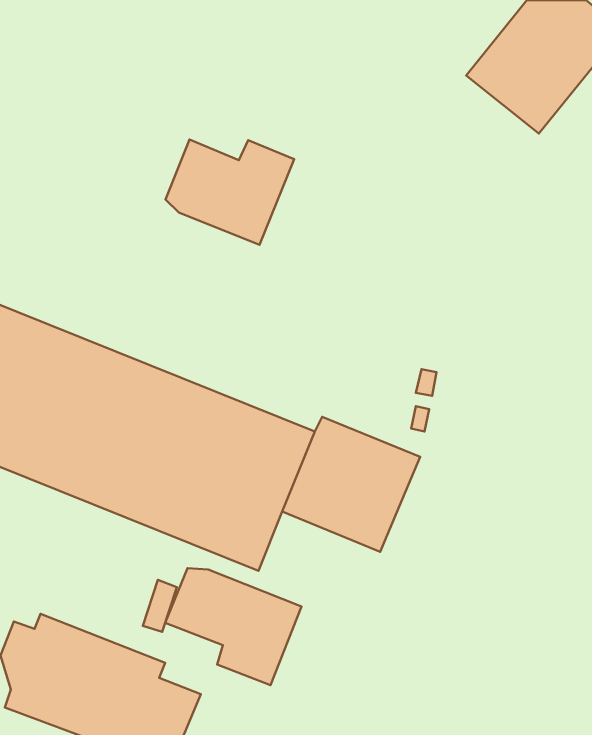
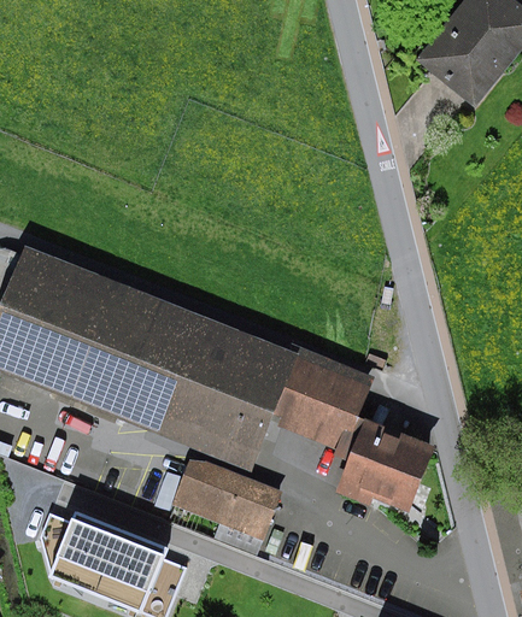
building: [166,139,294,245] -> none
building: none -> [332,412,434,507]

